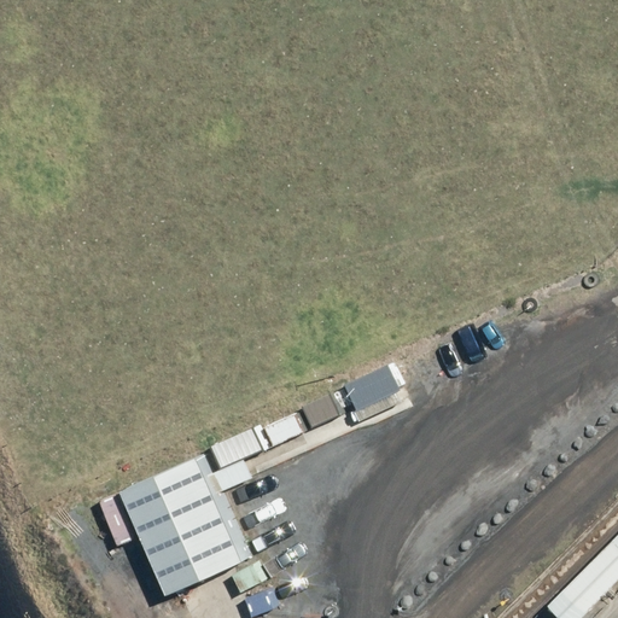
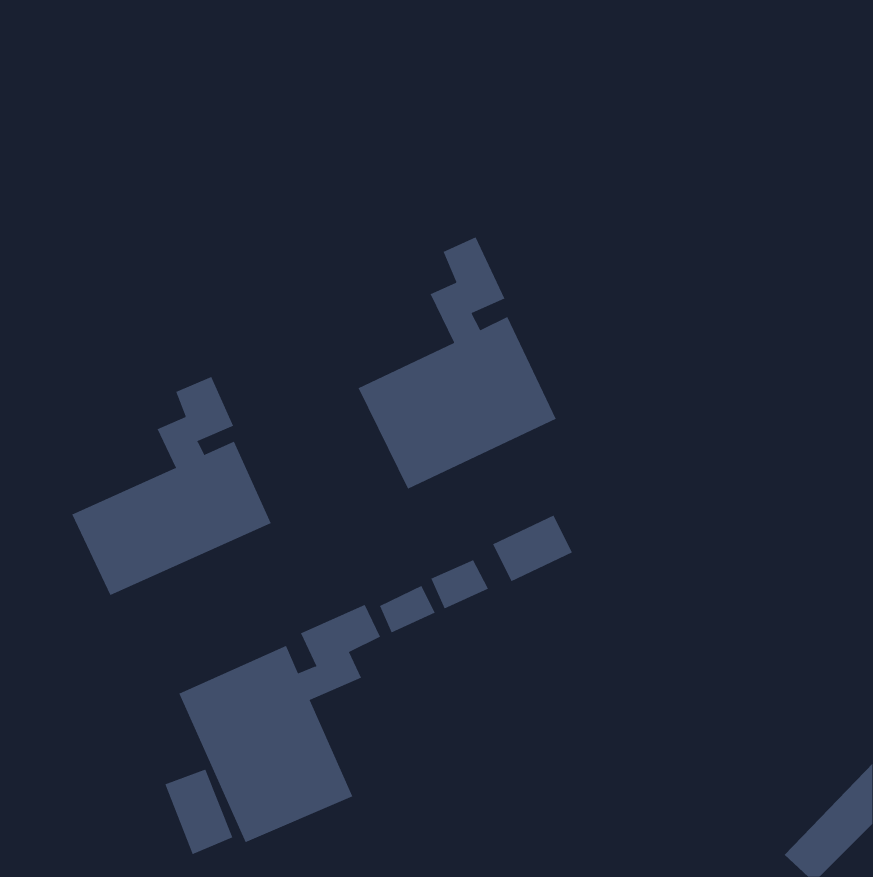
building: none -> [358,237,557,489]
building: none -> [72,376,272,596]

